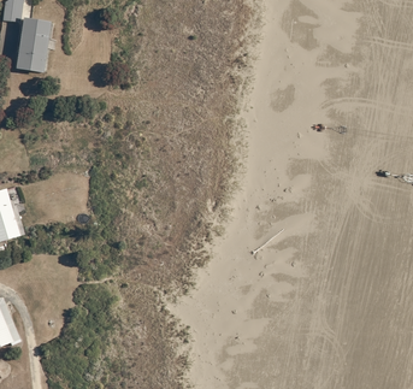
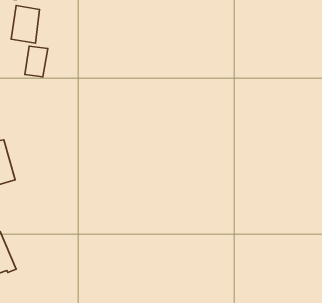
building: none -> [25,46,48,77]

